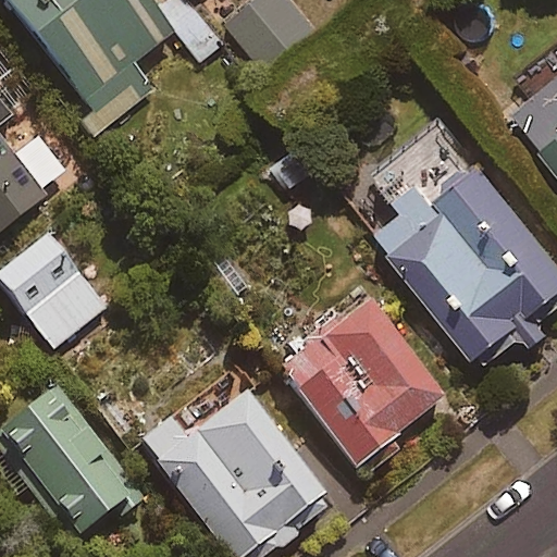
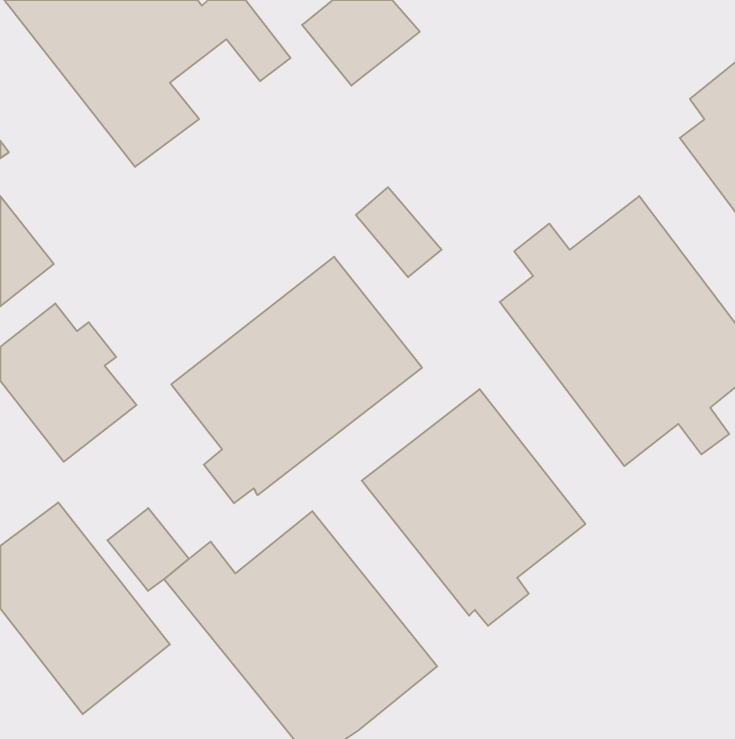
building: none -> [171,257,422,503]

